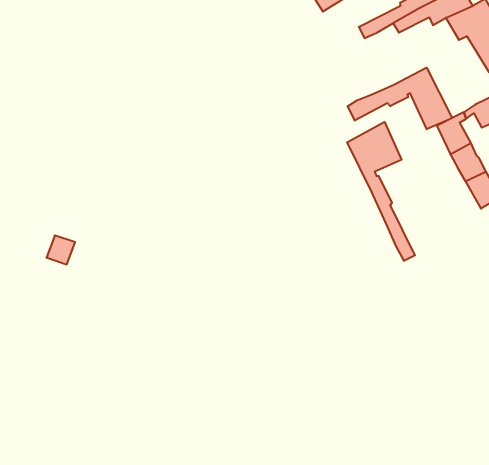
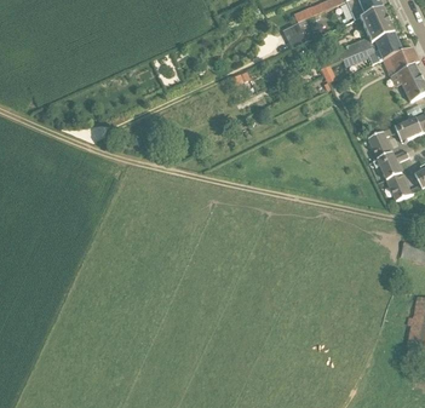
building: [348,68,452,129] -> none
building: [347,122,415,261] -> none

